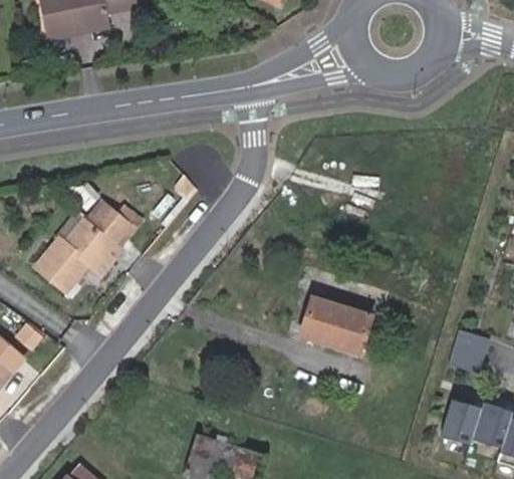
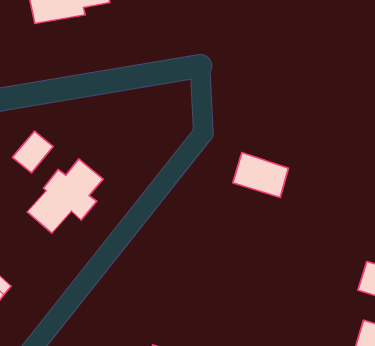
building: none -> [13,131,53,173]
building: [306,298,374,353] -> [233,153,288,197]

